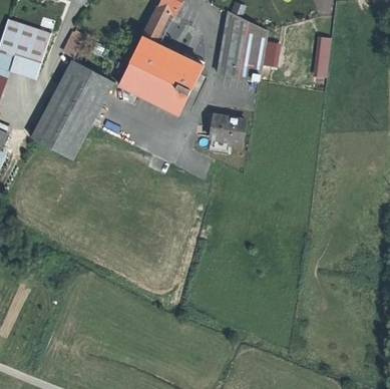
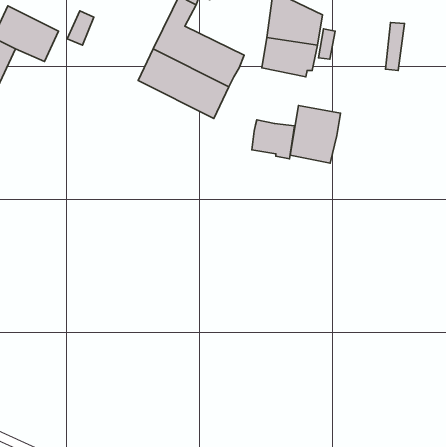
building: [31,59,114,159] -> none
building: none -> [290,106,341,163]

